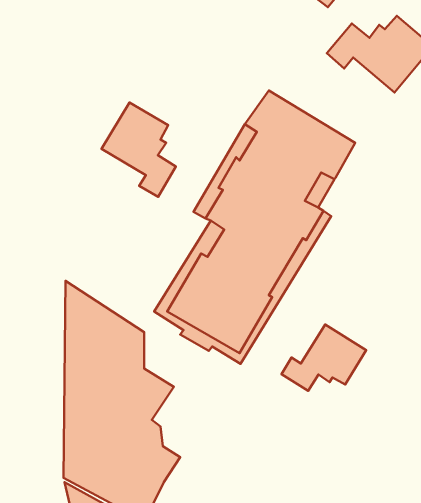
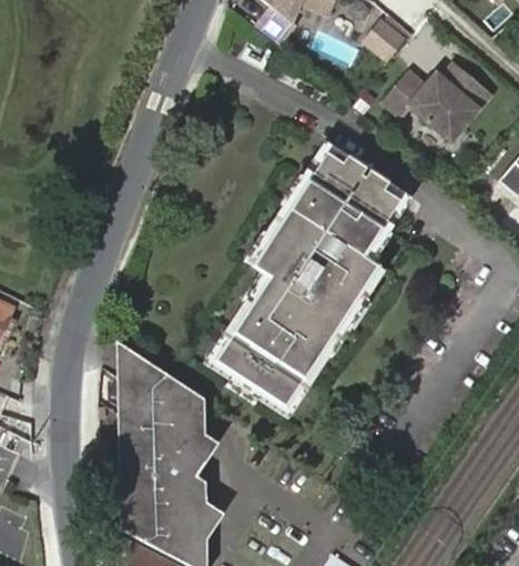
building: [102,102,176,197] -> none
building: [281,324,366,391] -> none

